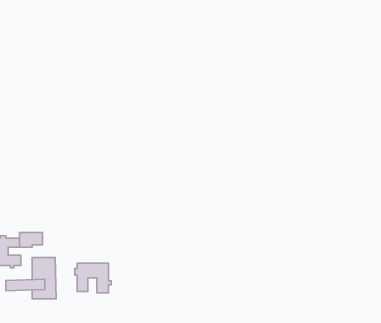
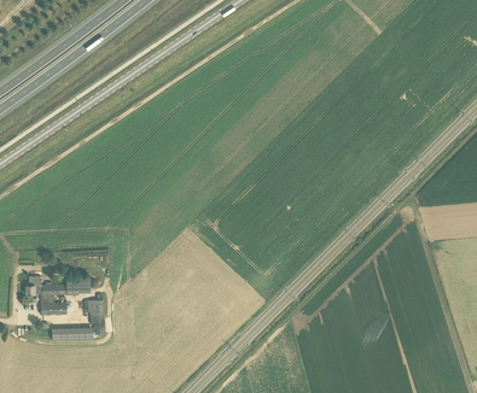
building: [75,263,111,293] -> none

